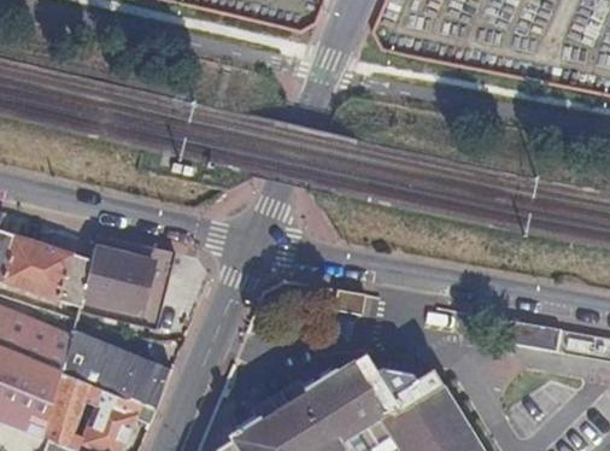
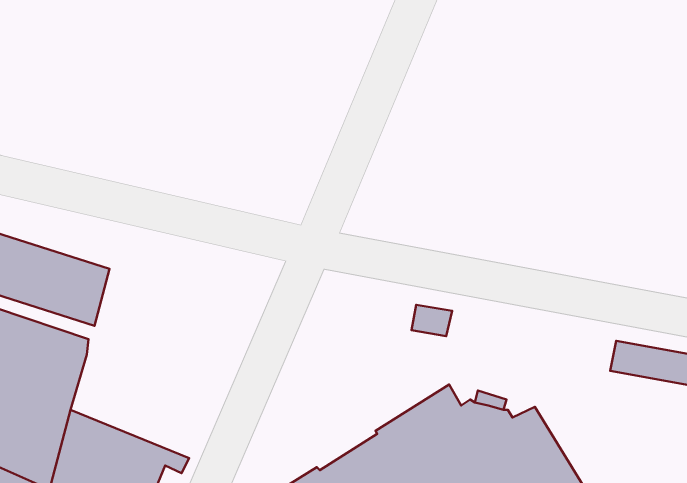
building: [77,236,175,329] -> none
building: [59,329,171,412] -> none

